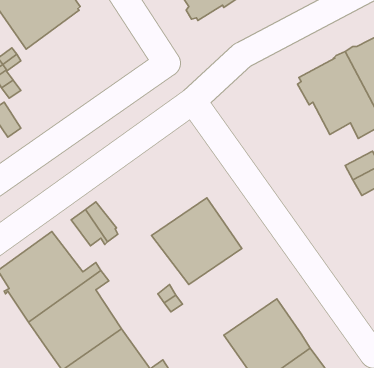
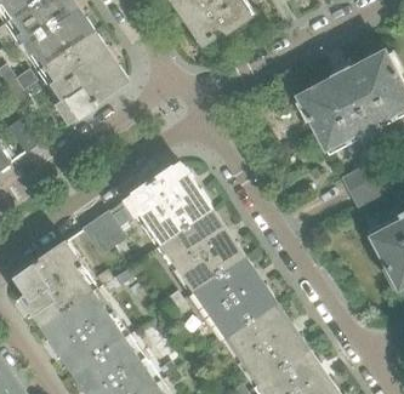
building: none -> [41,34,126,121]
building: none -> [125,165,211,245]
building: none -> [194,257,277,338]

